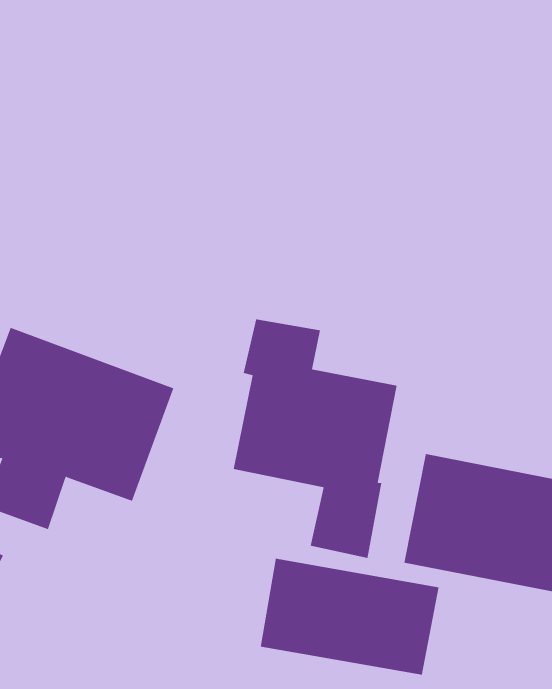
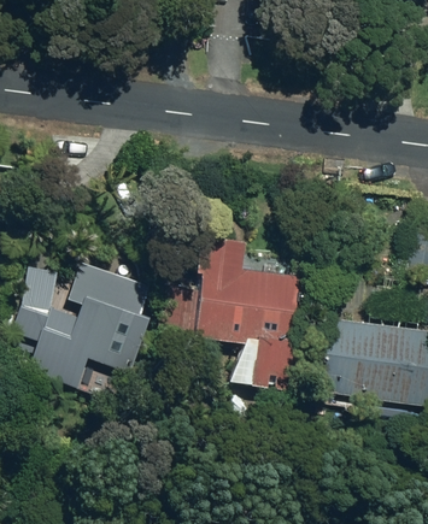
building: [260,558,439,676] -> none

